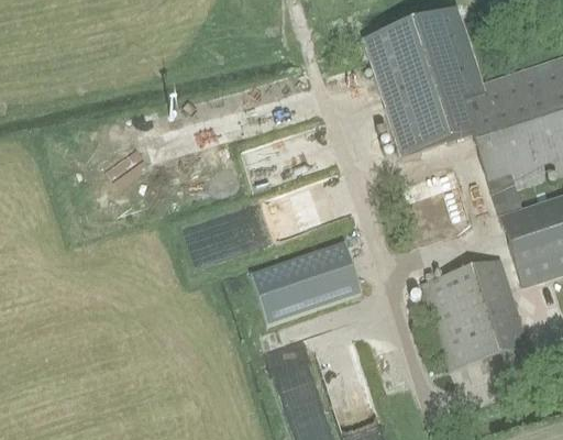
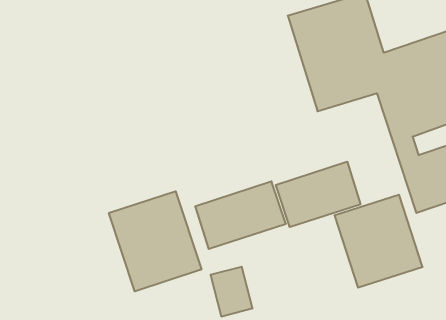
building: none -> [276,162,360,227]
building: none -> [109,191,201,291]

